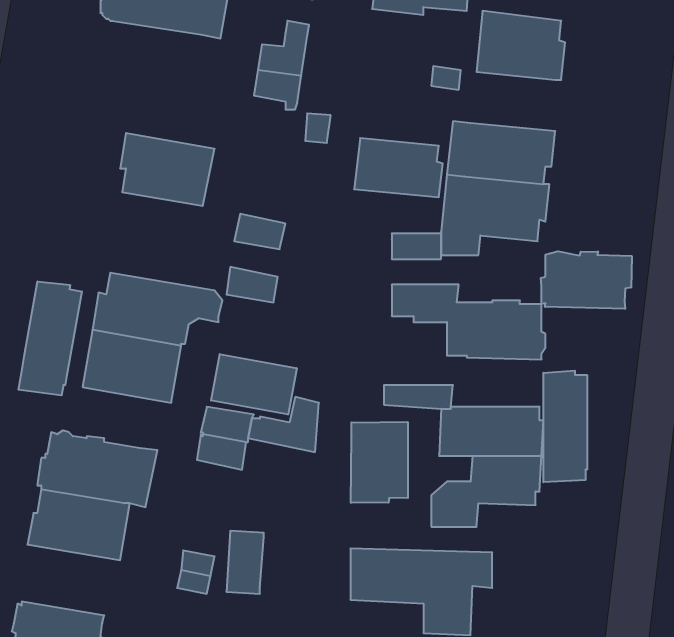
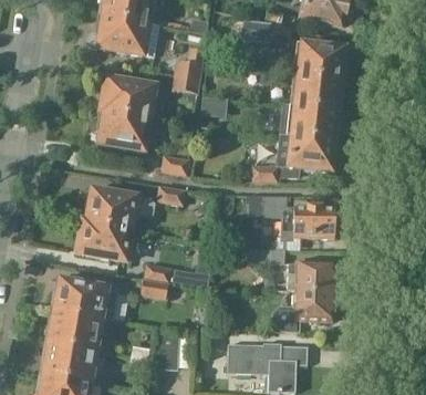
building: none -> [101,77,156,118]
building: [354,138,443,197] -> [294,75,344,108]
building: [541,251,632,309] -> none
building: [18,281,82,395] -> none
building: [211,354,297,415] -> none
building: [543,371,587,482] -> none
building: [351,422,408,503] -> none
building: none -> [42,341,97,381]

